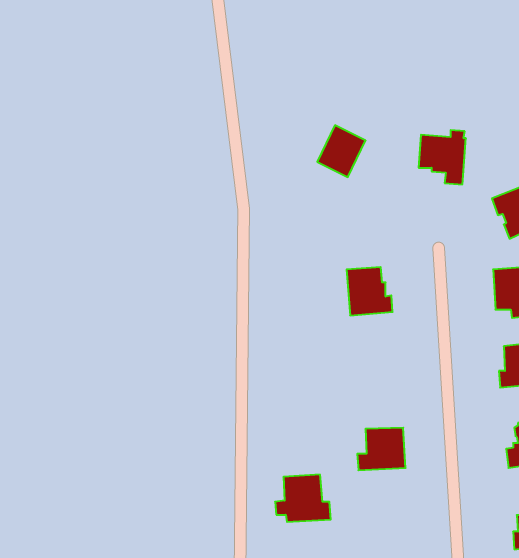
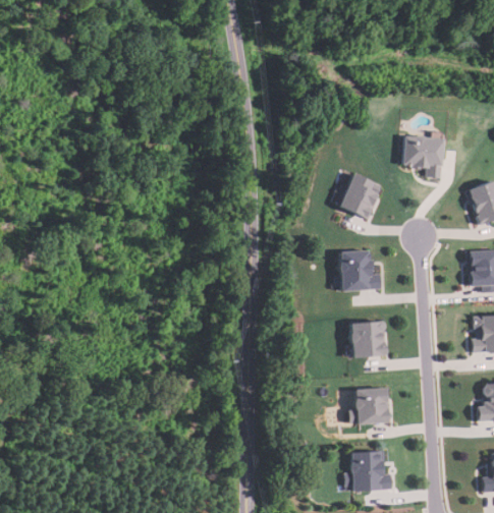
building: [317,125,366,177] -> [340,173,382,218]
building: none -> [351,320,385,357]
building: [275,475,331,522] -> [344,451,392,492]

